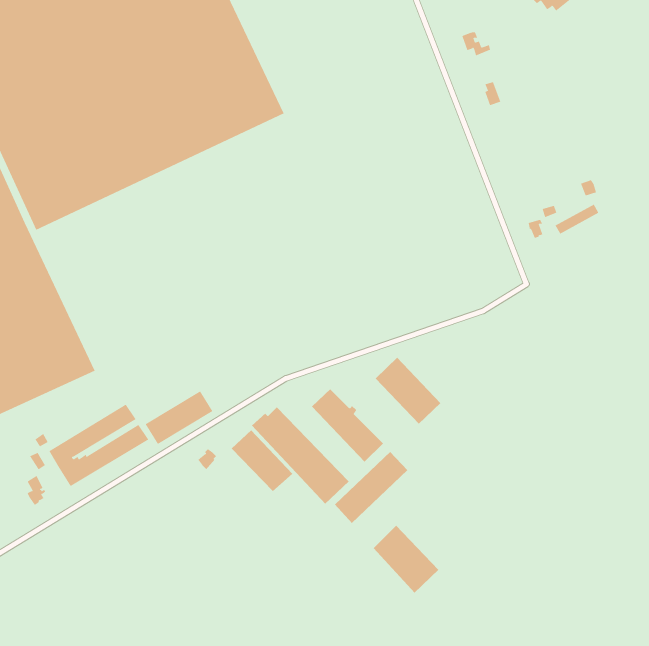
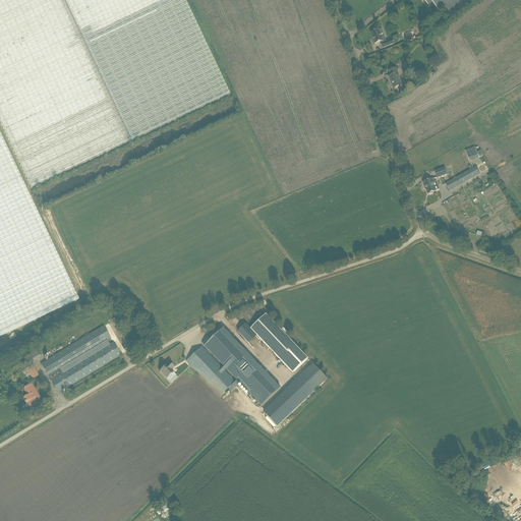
building: [375,357,441,425] -> none
building: [145,390,213,445] -> none
building: [373,525,439,593] -> none

